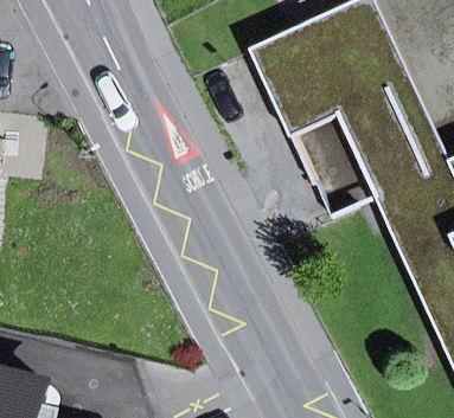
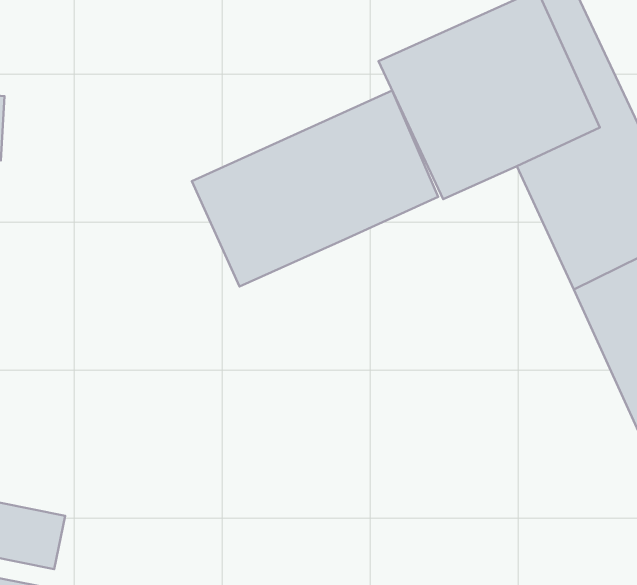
building: none -> [192,90,438,286]

